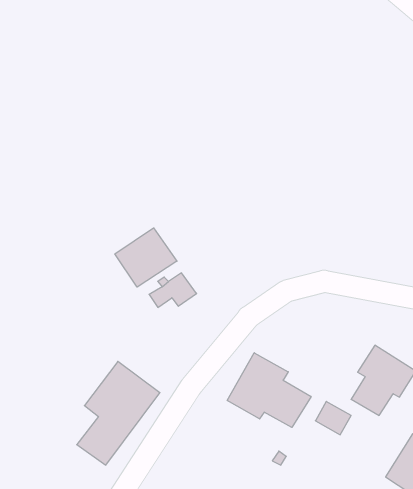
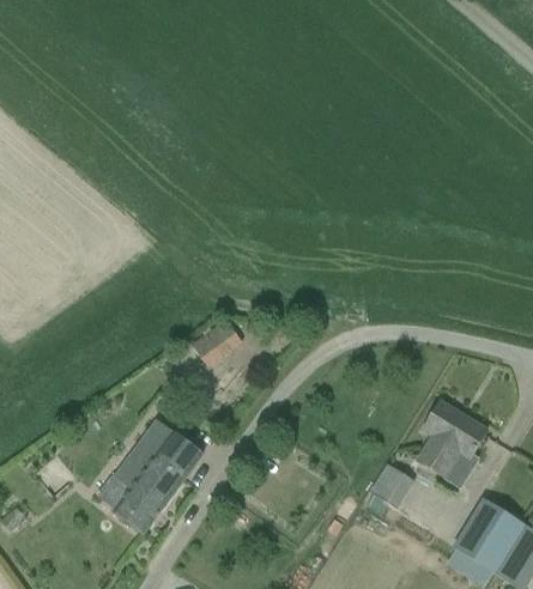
building: [115,228,177,287] -> none
building: [227,353,311,427] -> none

